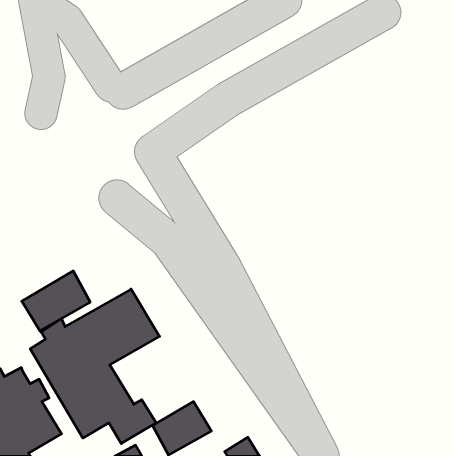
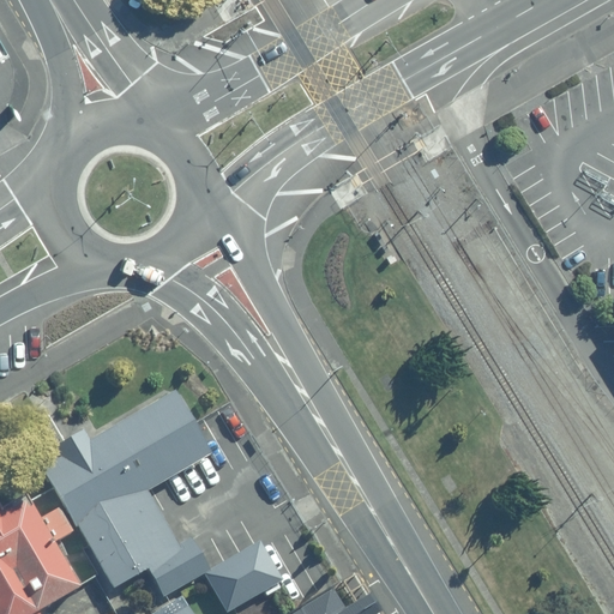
building: [22,271,90,331] -> none

